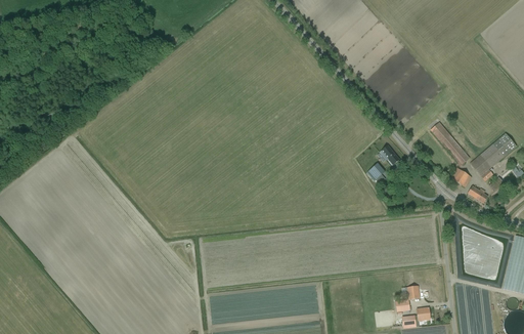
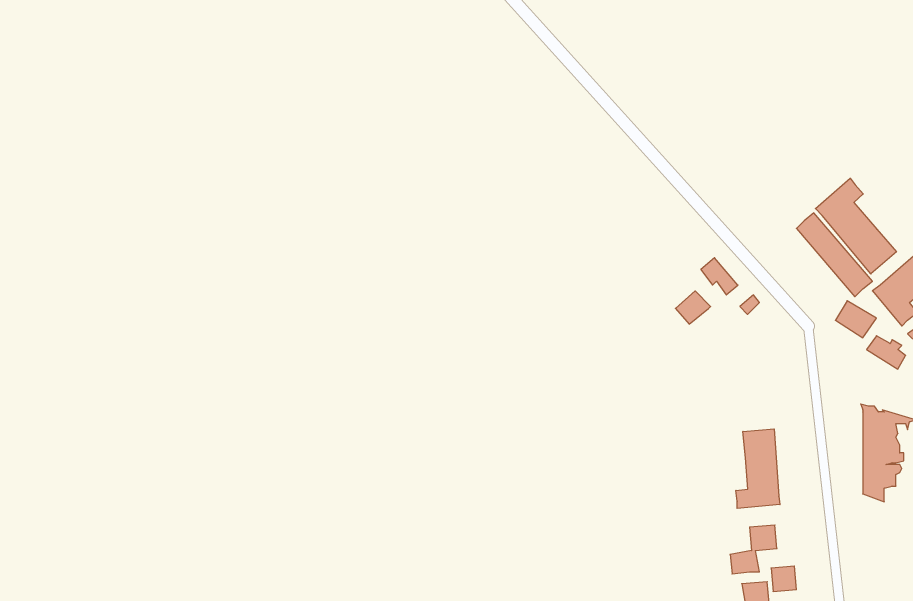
building: none -> [815,178,896,274]
building: none -> [736,429,780,508]

